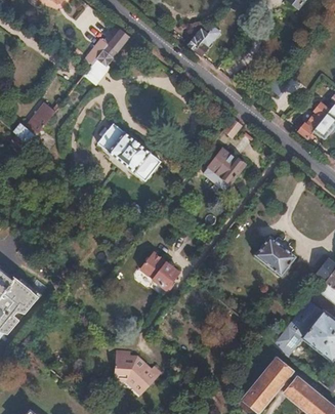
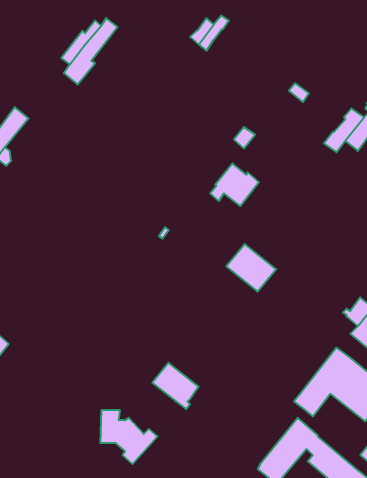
building: [98,124,161,179] -> none
building: [254,236,295,275] -> [226,244,276,292]
building: [141,251,179,289] -> [152,363,199,409]

